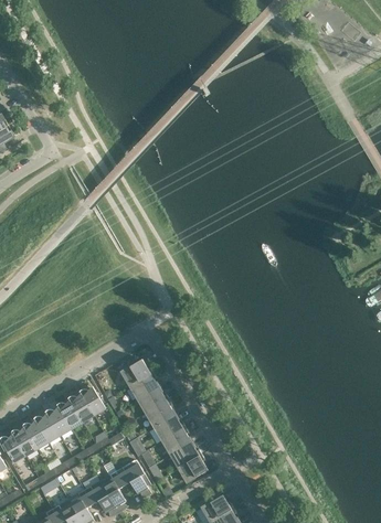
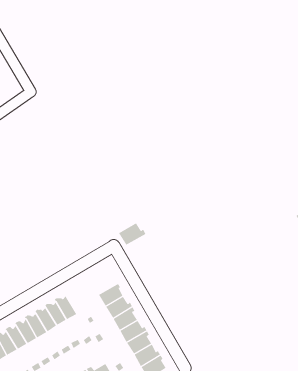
building: [120,360,152,386] -> [118,222,146,246]

